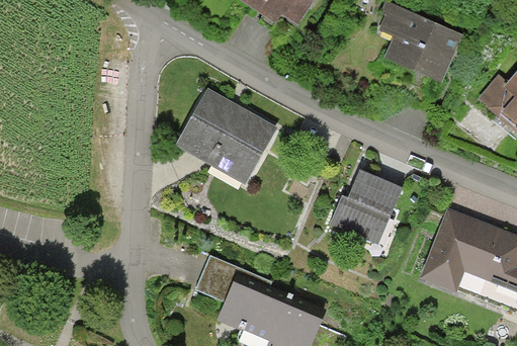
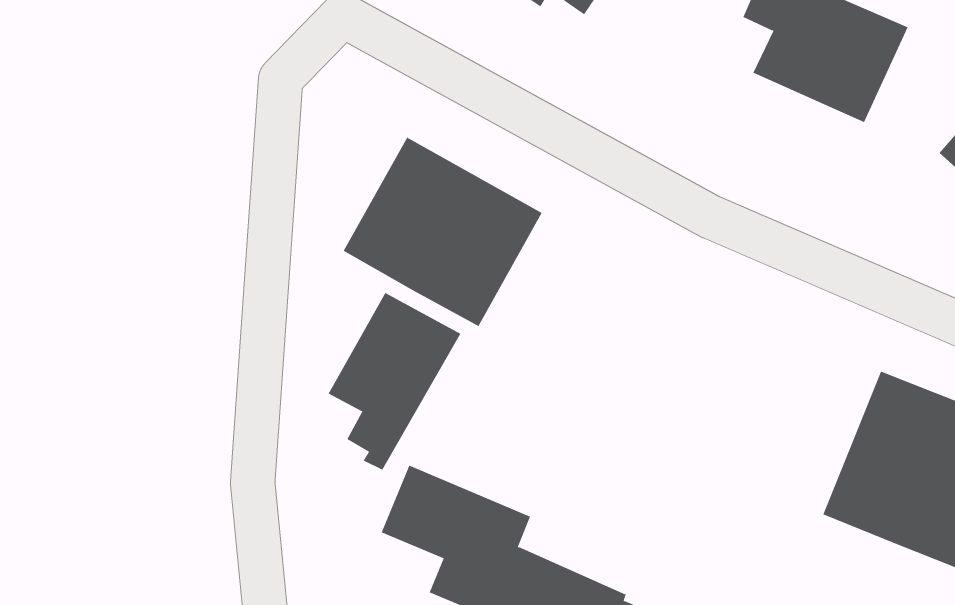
building: none -> [328,292,461,471]
building: [328,170,402,244] -> none

